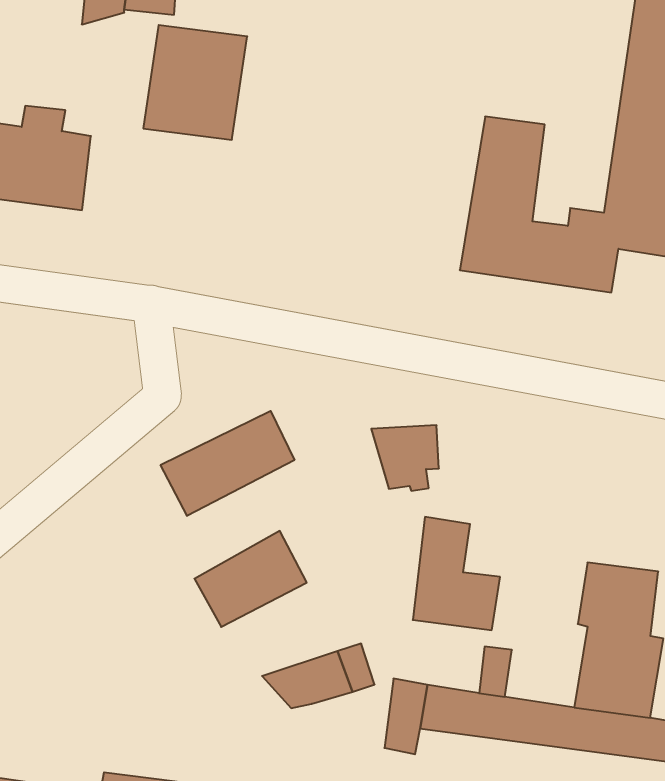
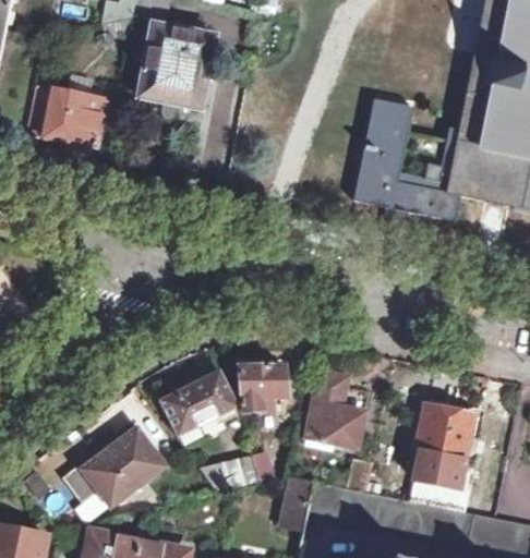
building: [161,411,294,516] -> none
building: [371,425,439,491] -> [239,366,284,410]
building: none -> [62,429,164,507]

